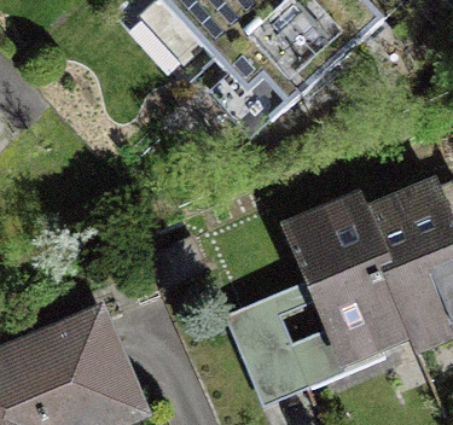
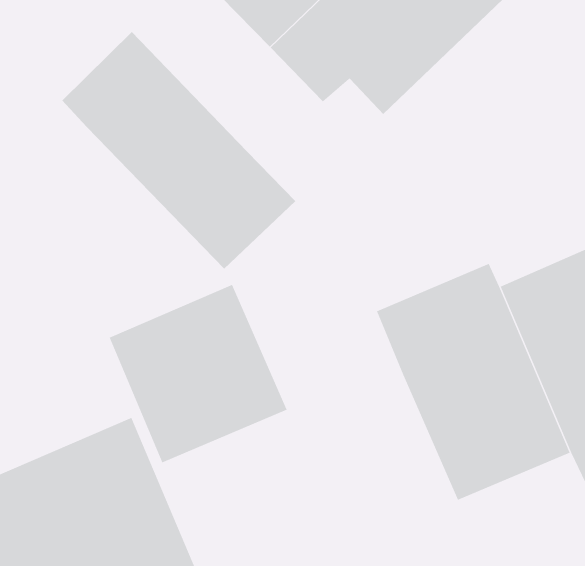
building: none -> [62,31,296,270]
building: [219,279,341,401] -> [109,284,287,463]

